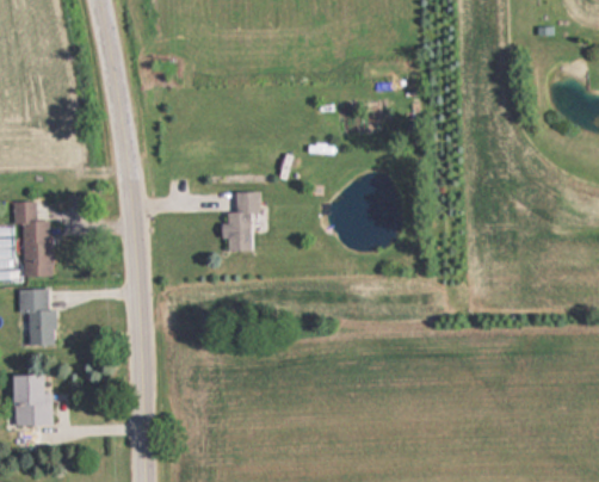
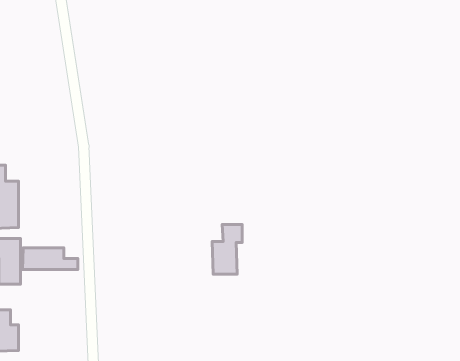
building: [223,192,259,252] -> [212,225,242,274]
building: none -> [22,248,78,269]

